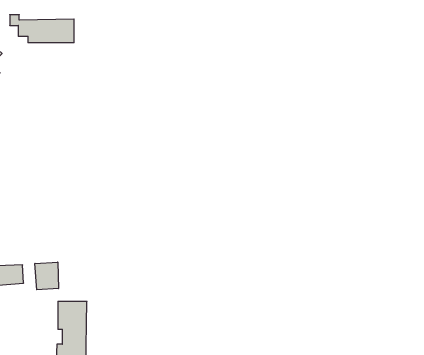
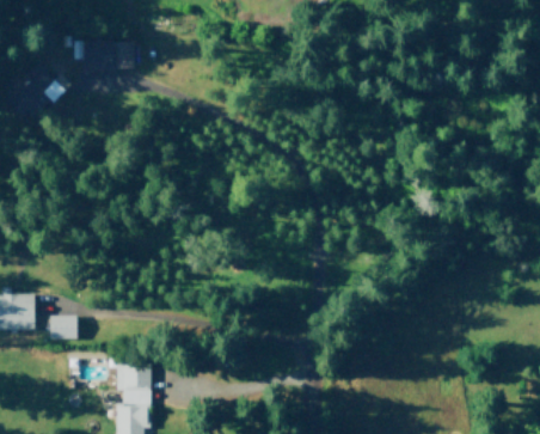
building: [35,262,58,290] -> none

